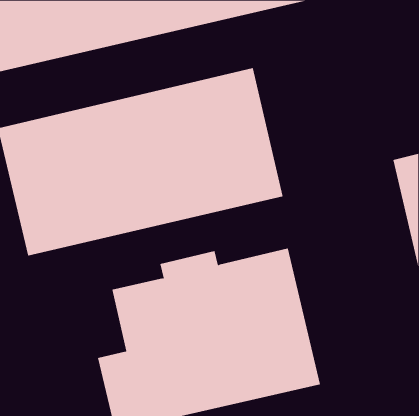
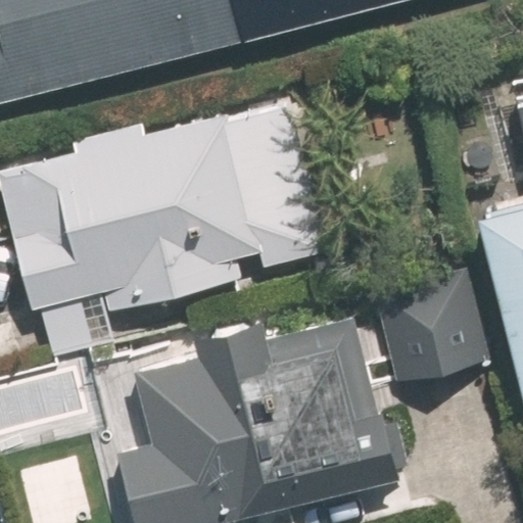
building: none -> [371,276,478,384]

